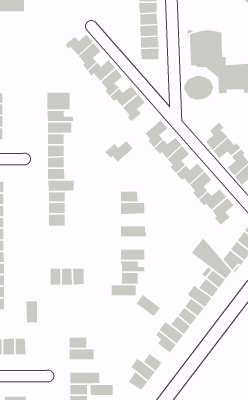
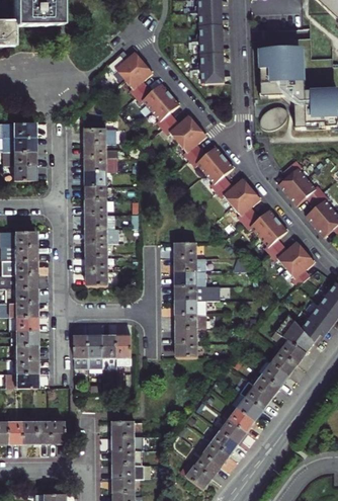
building: [104,140,134,163] -> [190,146,227,173]
building: none -> [177,271,208,285]
building: [111,285,137,296] -> [177,300,208,314]
building: [135,294,161,317] -> [206,424,238,452]
building: [25,301,38,323] -> [76,337,91,364]
building: [89,384,113,396] -> [114,449,144,464]

